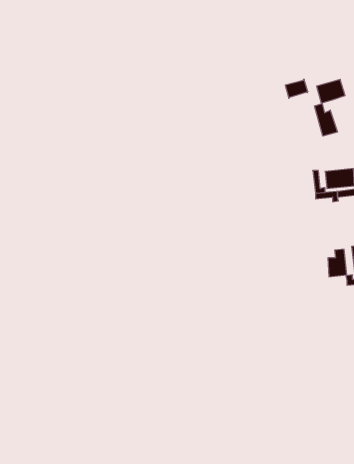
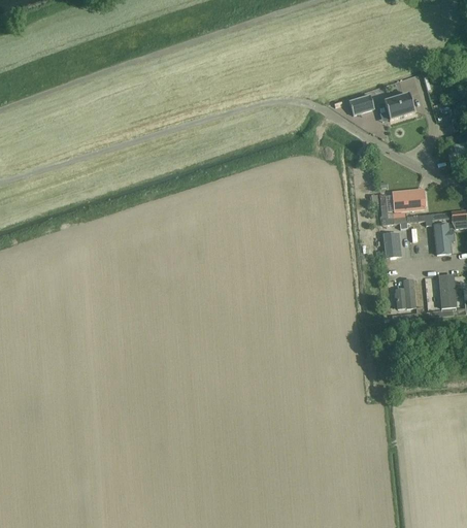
building: [315,104,337,136] -> none
building: none -> [383,231,402,257]

